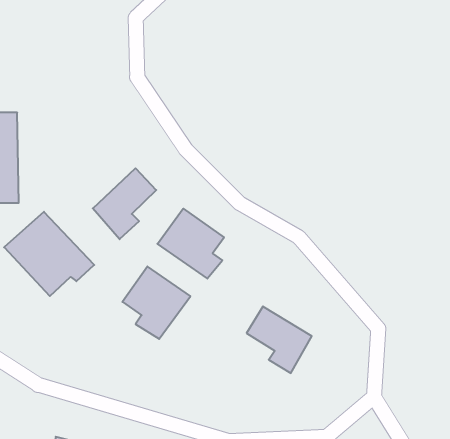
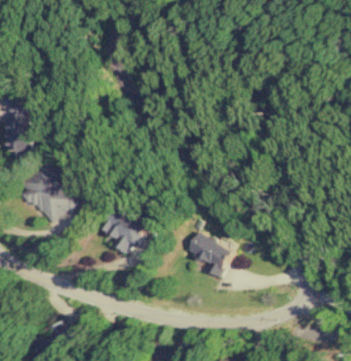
building: [93,168,156,239] -> none
building: [157,209,224,279] -> none

